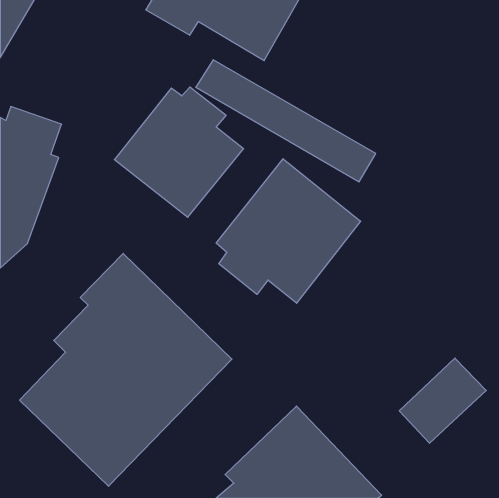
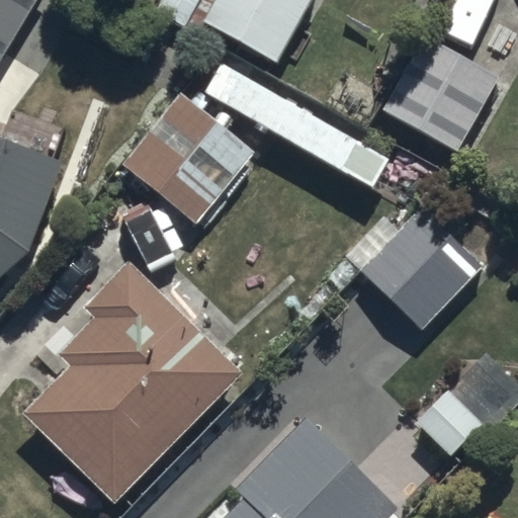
building: none -> [381,36,499,152]
building: [216,159,361,303] -> none
building: none -> [357,208,481,330]

